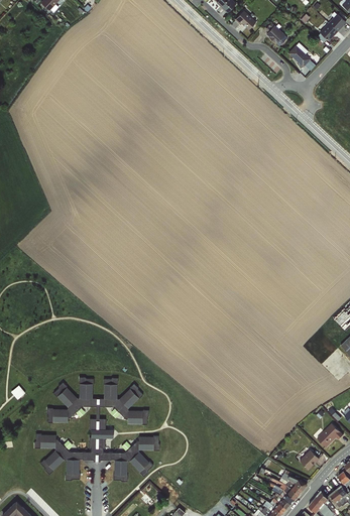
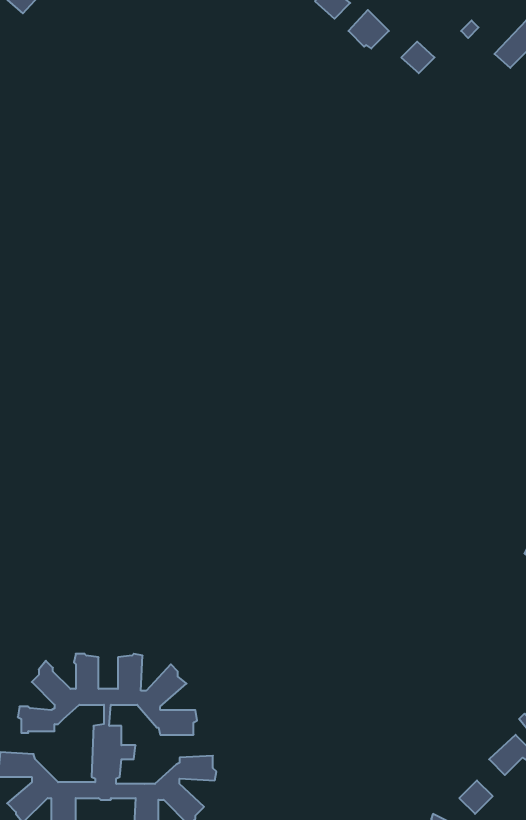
building: [287,42,316,72] -> none

